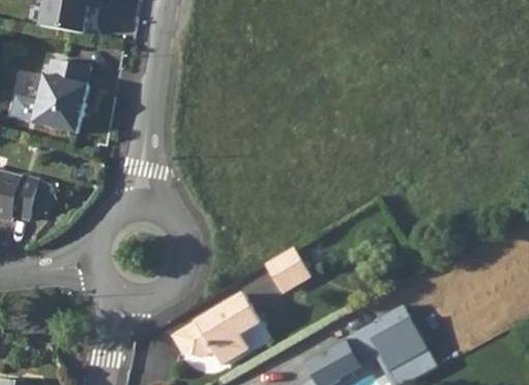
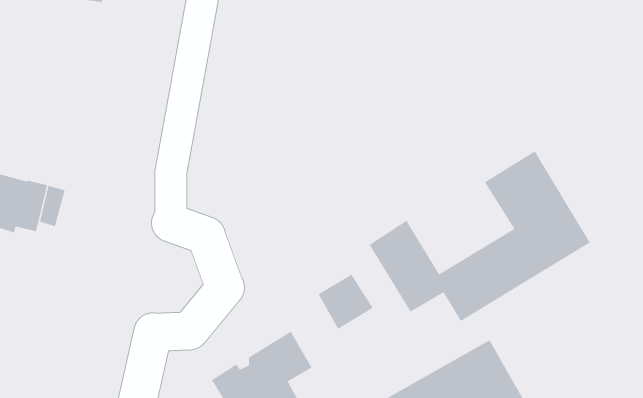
building: [23,56,80,130] -> none
building: none -> [369,151,591,322]

